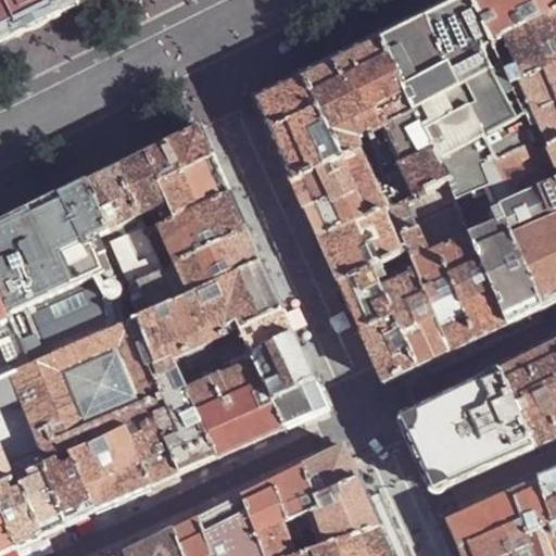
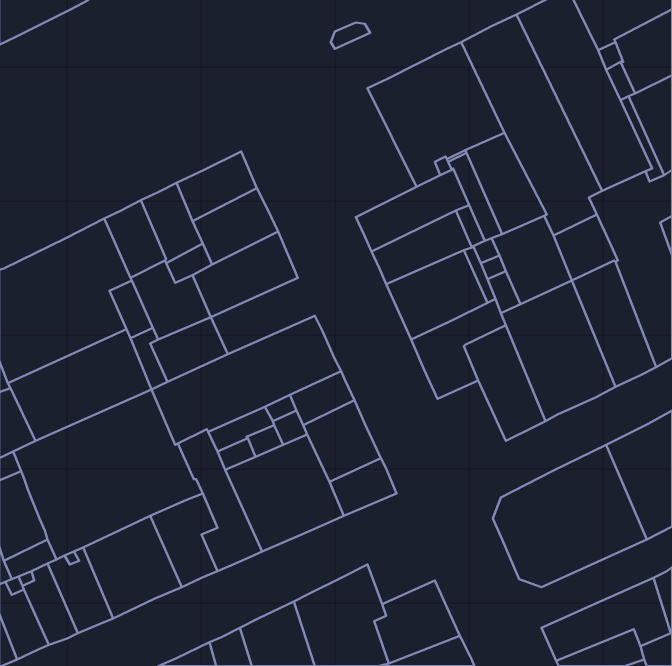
building: [256,73,343,179] -> none
building: [174,229,260,292] -> none
building: [361,314,417,380] -> none
building: [303,446,358,498] -> none

